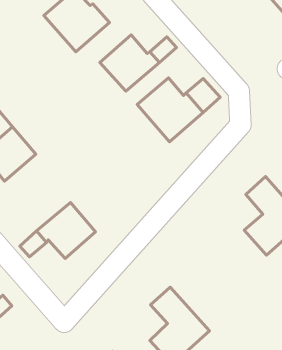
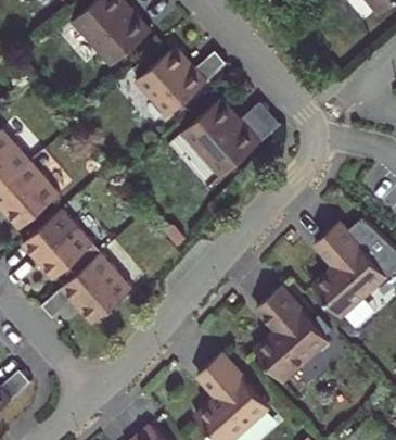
building: none -> [21,208,93,276]
building: none -> [255,286,329,380]

